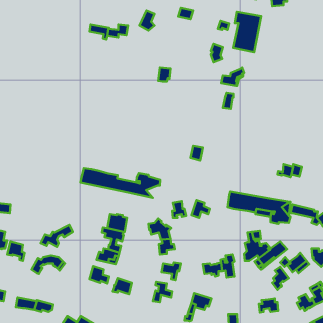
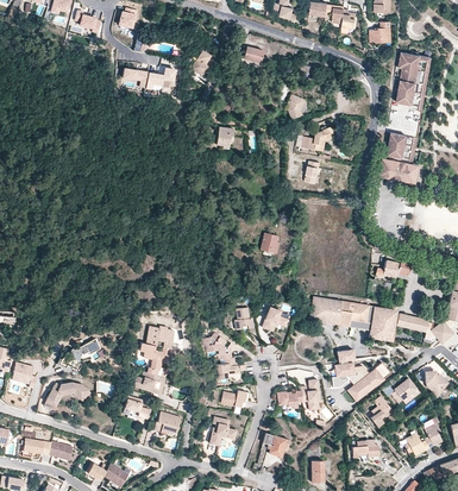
building: [233,12,261,52] -> [396,51,434,106]
building: none -> [381,127,420,183]
building: [81,168,160,198] -> none

